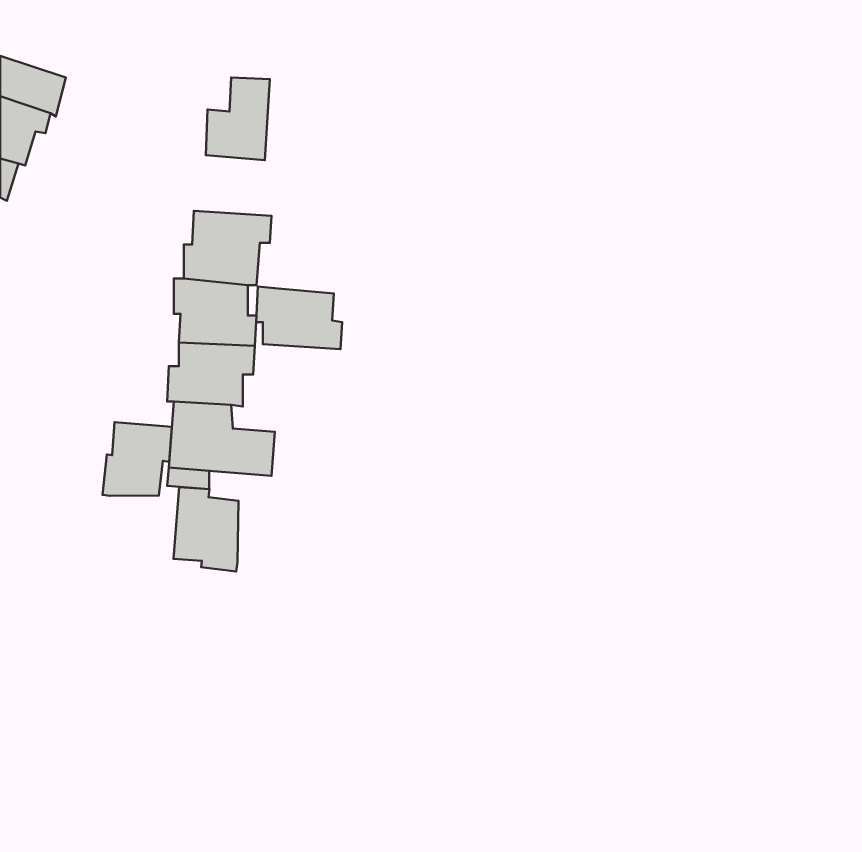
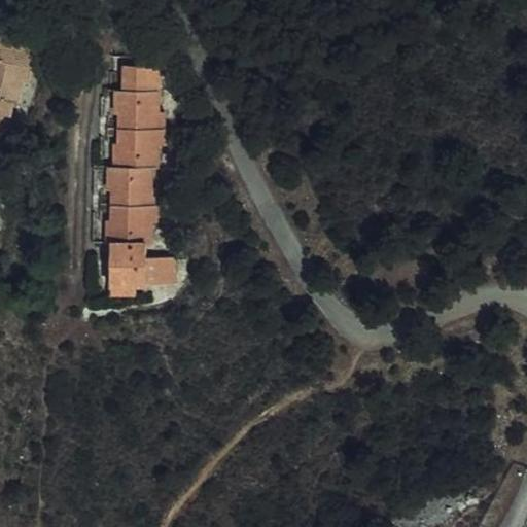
building: [256,287,342,349] -> [114,94,167,132]
building: [102,422,172,496] -> none
building: [173,487,239,572] -> none

